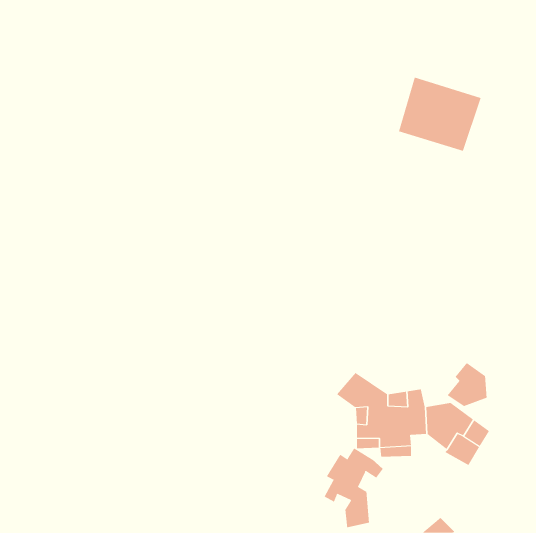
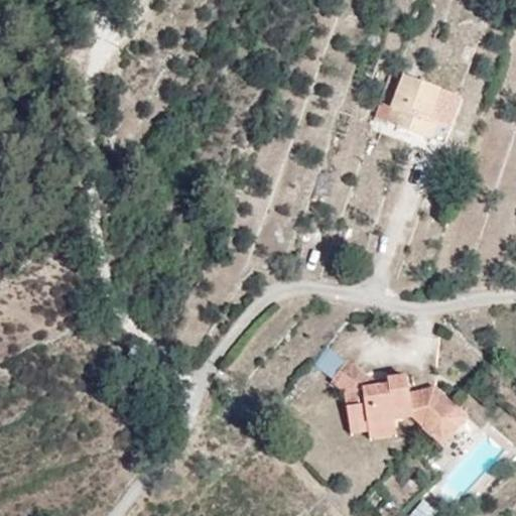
building: [447,362,487,407] -> none
building: [324,448,383,528] -> none

